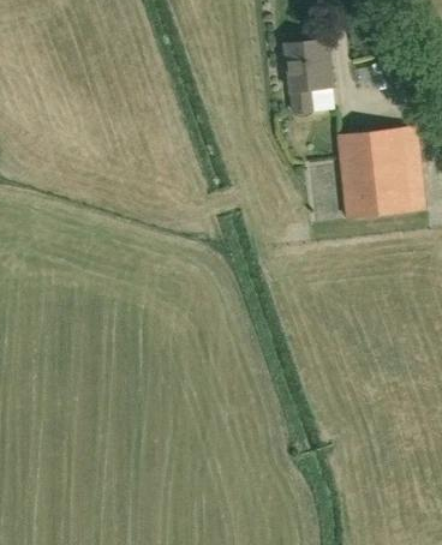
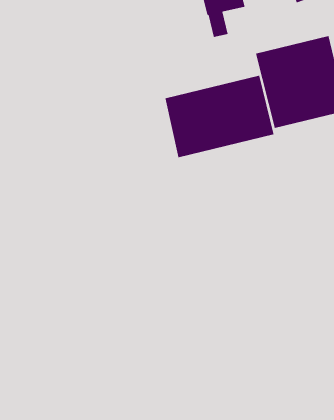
building: none -> [165,75,274,158]

